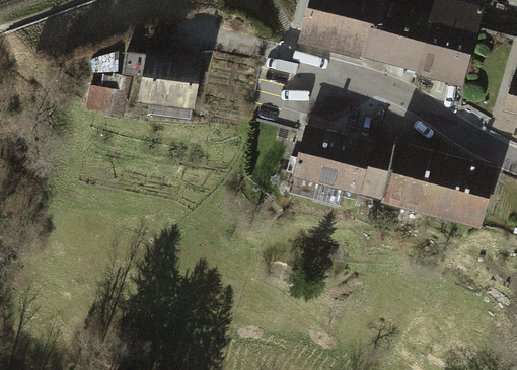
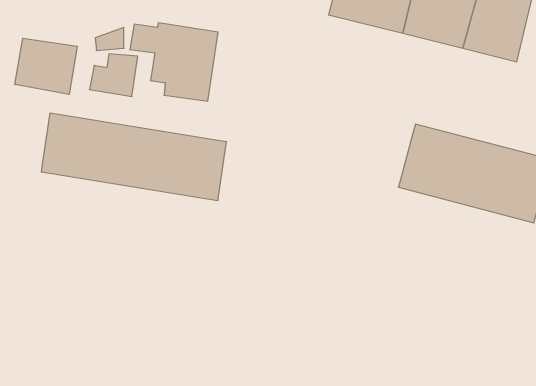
building: none -> [15,38,77,94]
building: [294,126,373,193] -> none
building: none -> [41,113,226,201]

